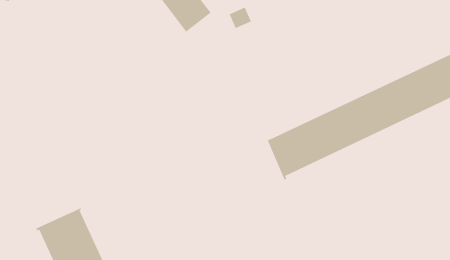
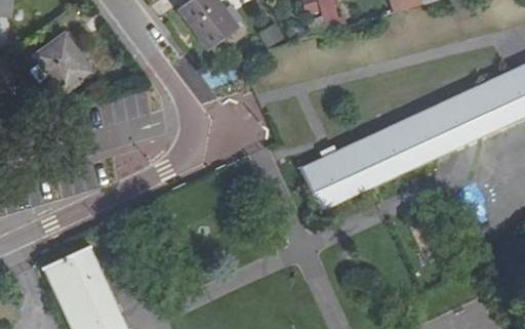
building: none -> [35,34,91,92]

